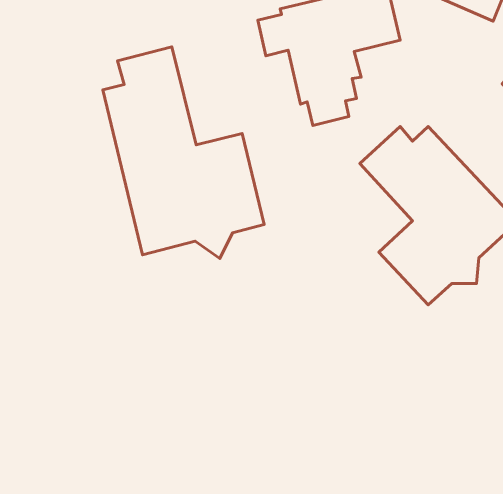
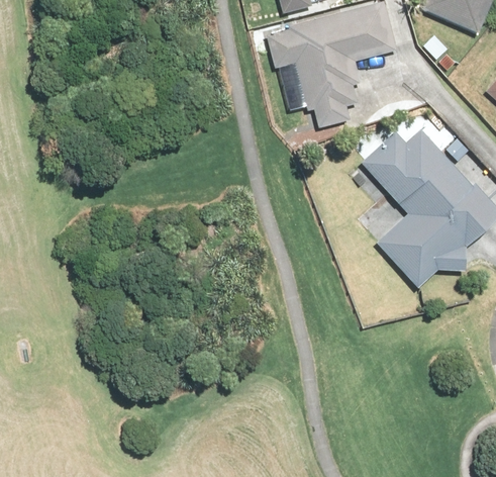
building: [103,47,264,258] -> none

